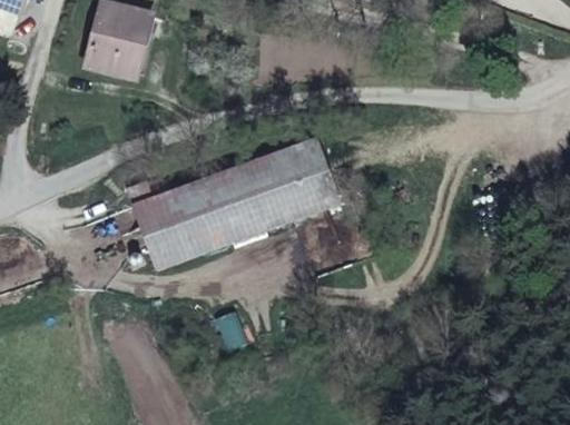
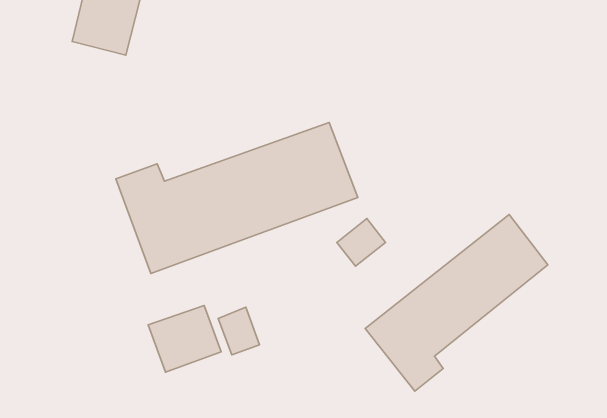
building: none -> [365,214,548,391]
building: none -> [148,305,221,372]

